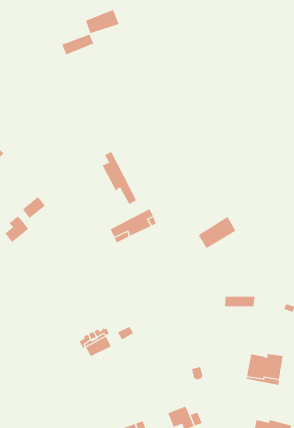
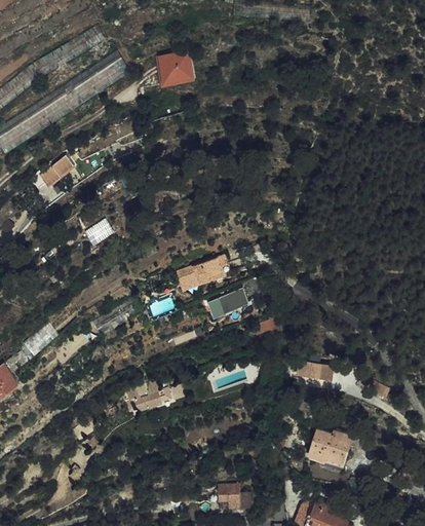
building: [85,9,119,34] -> [157,66,194,89]
building: [102,151,137,205] -> none
building: [5,215,29,243] -> none
building: [198,216,236,249] -> [207,284,250,316]

